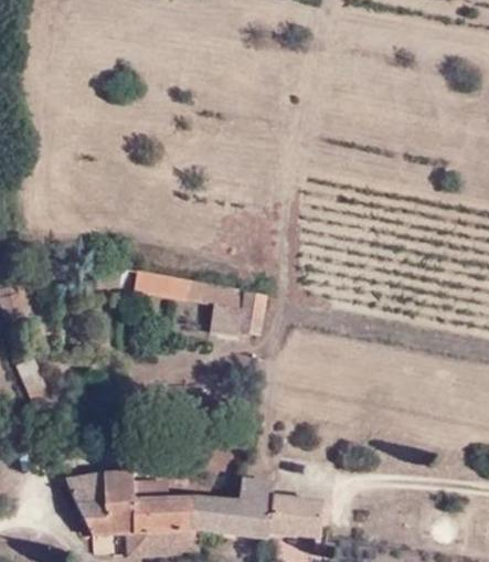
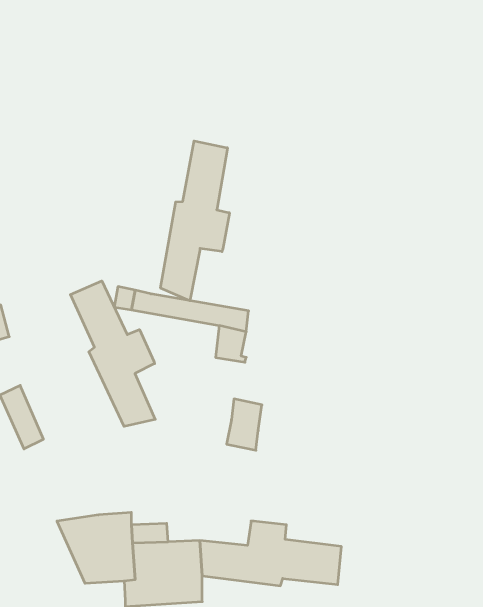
building: none -> [161,141,229,301]
building: none -> [70,281,155,426]
building: [232,289,264,336] -> [227,399,262,450]

